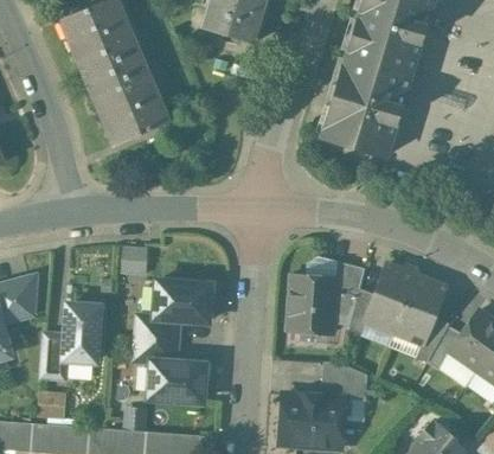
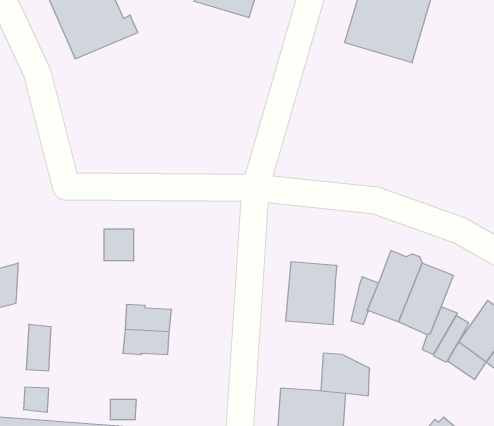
building: [88,58,167,146] -> none
building: [321,68,406,158] -> none
building: [334,262,364,296] -> none
building: [154,281,210,322] -> none
building: [64,306,98,362] -> none
building: [148,362,204,402] -> none

